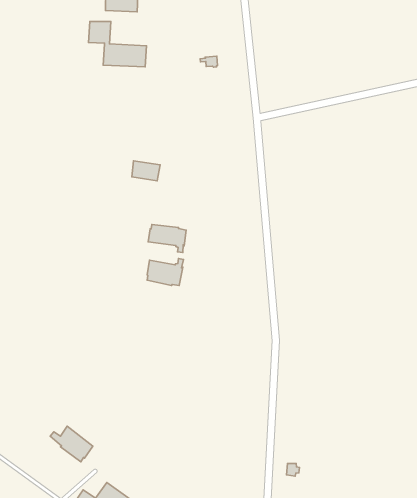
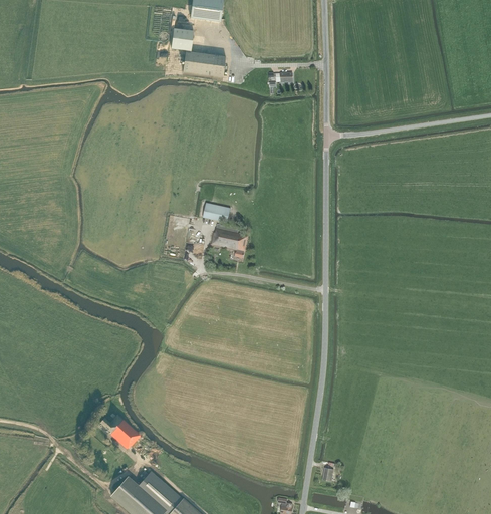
building: [132,161,160,181] -> [203,202,231,223]
building: [147,259,183,286] -> none

